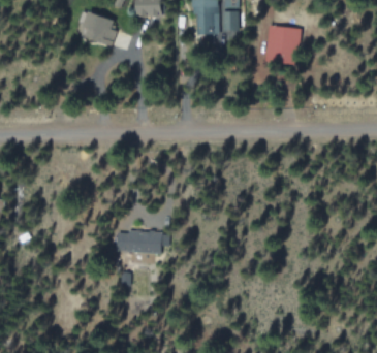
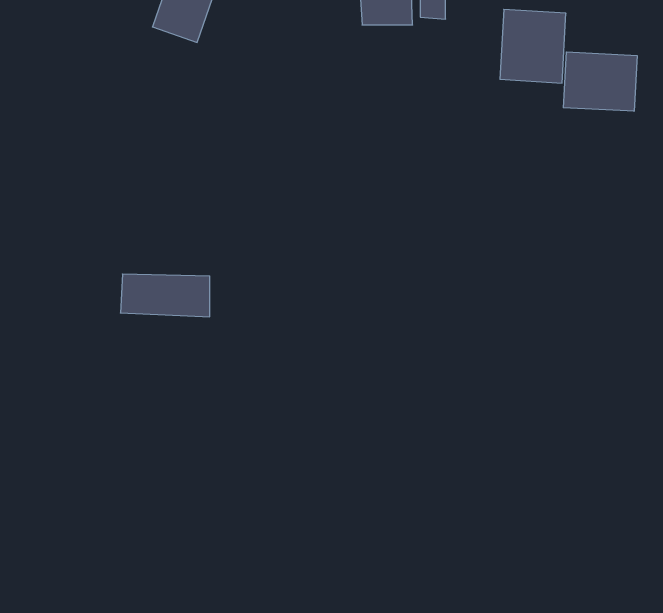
building: none -> [563,52,637,111]
building: [116,230,163,253] -> [120,274,210,317]

